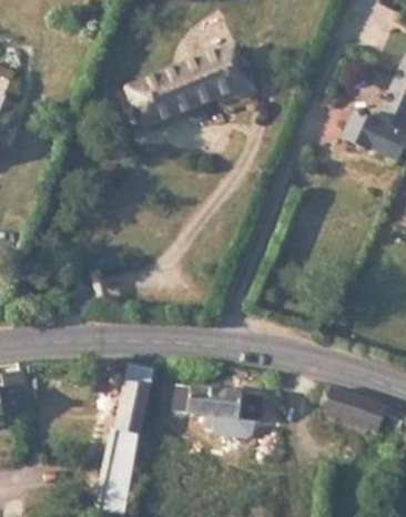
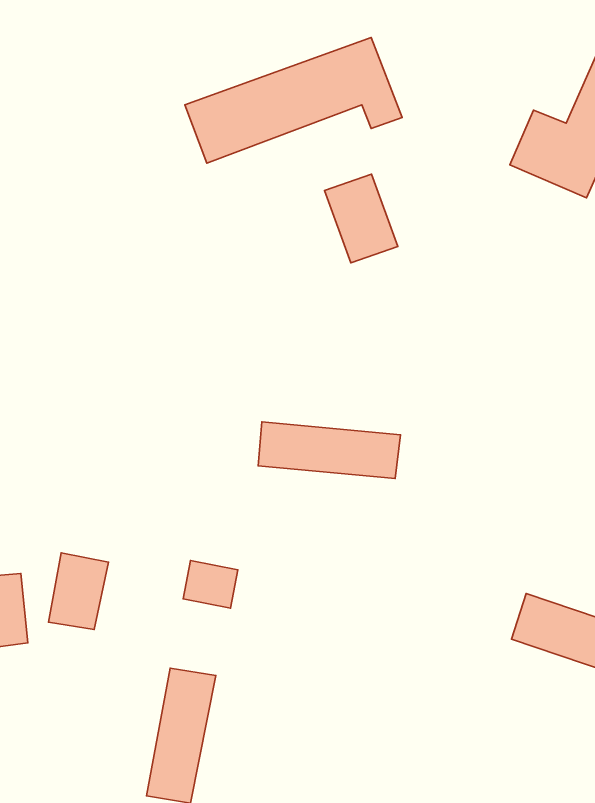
building: none -> [325,174,398,263]
building: [173,389,260,424] -> [258,422,400,478]
building: [113,392,150,438] -> [48,553,109,629]

